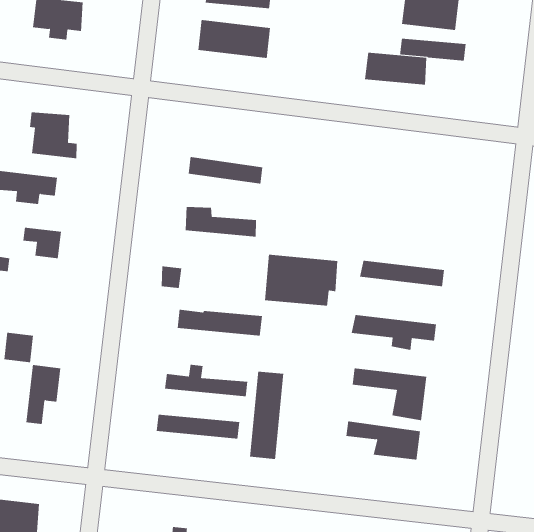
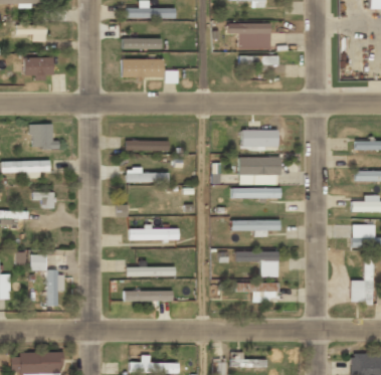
building: [364,52,427,85] -> [242,130,278,147]
building: [264,254,338,306] -> [239,157,281,185]
building: [250,371,284,460] -> none

